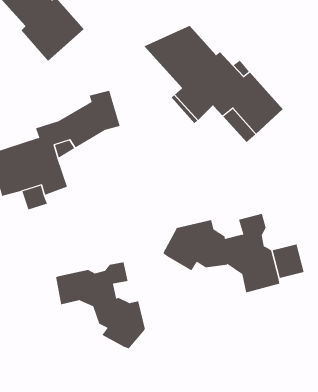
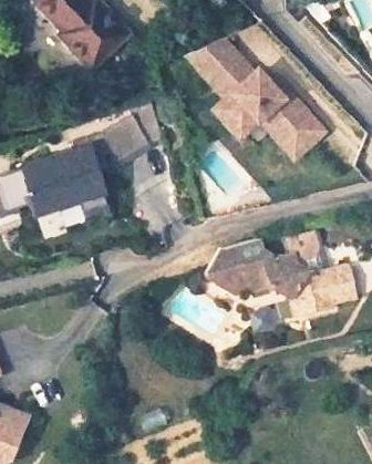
building: [55,261,145,349] -> none

